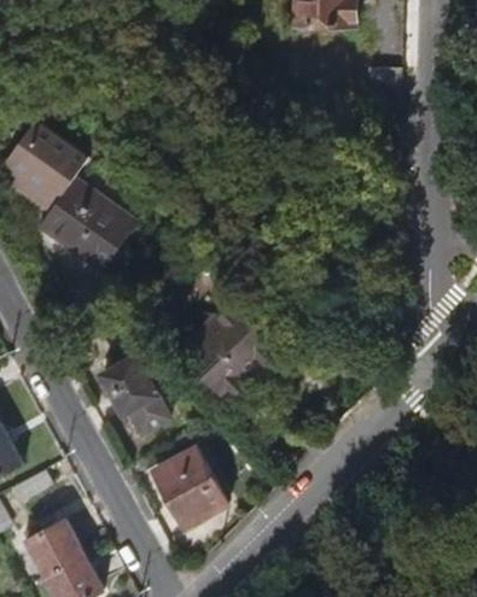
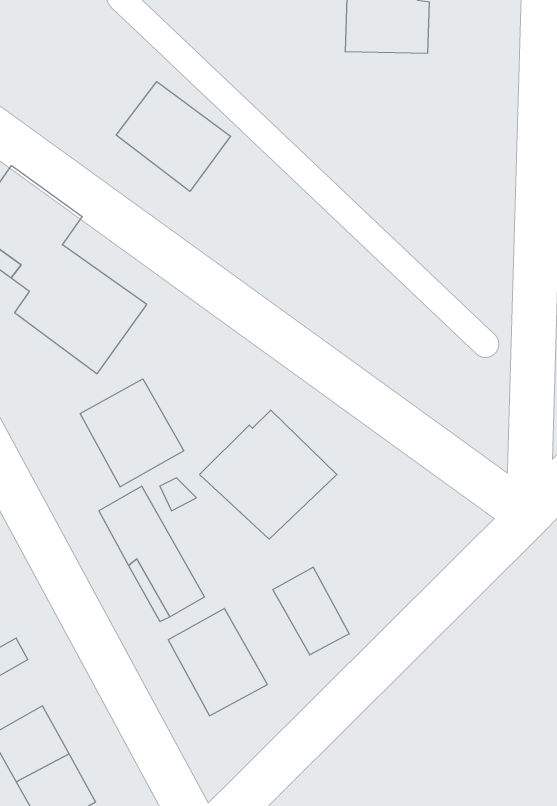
building: none -> [116,82,231,191]
building: none -> [80,379,184,487]
building: none -> [273,567,349,655]

